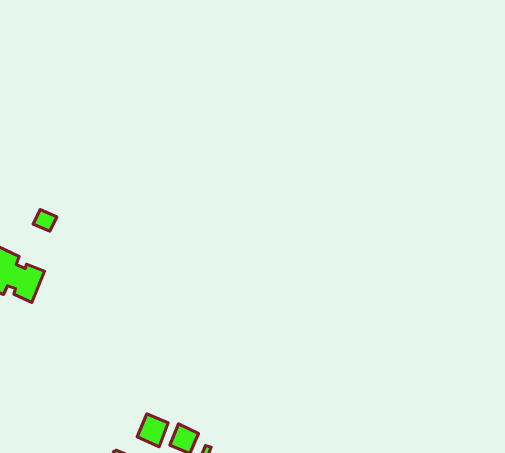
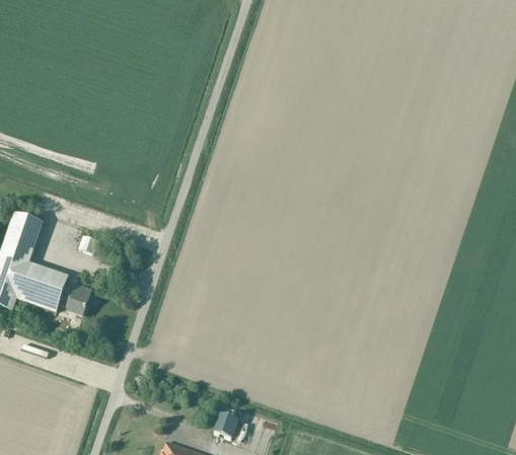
building: [137,414,168,447] -> none

